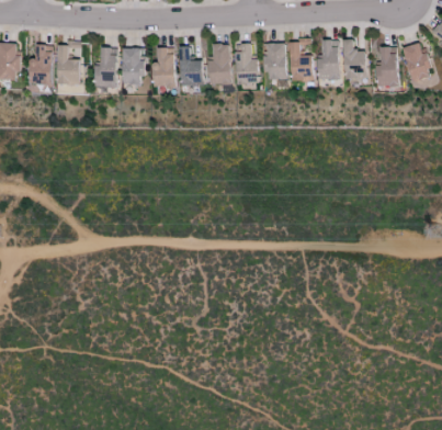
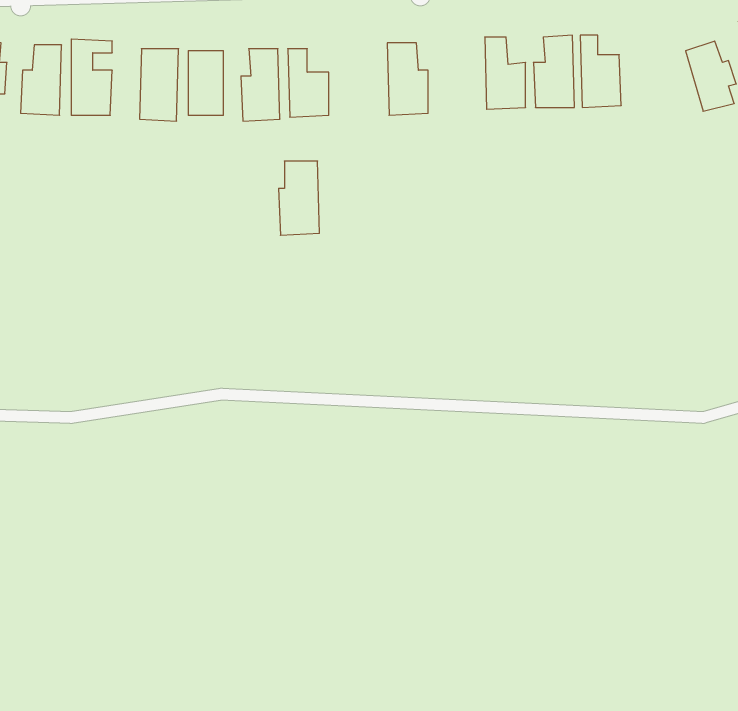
building: [265,43,286,80] -> none
building: [207,44,230,86] -> [279,161,319,235]
building: [375,47,398,87] -> none

